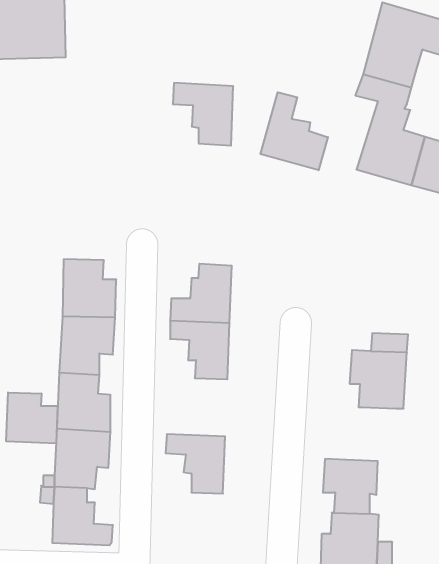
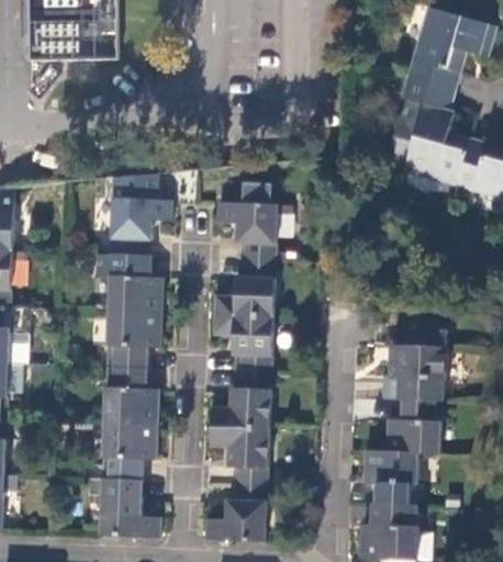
building: [173,83,233,146] -> [219,201,278,262]
building: [260,92,328,170] -> none
building: none -> [111,173,171,257]
building: none -> [212,372,271,429]
building: [6,392,57,444] -> none
building: none -> [388,401,441,454]
building: none -> [208,484,267,540]

